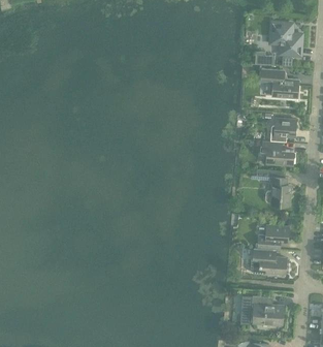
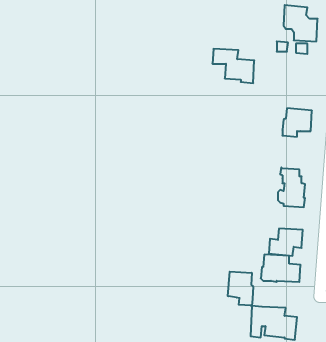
building: [260,68,298,99] -> [212,49,254,83]
building: [261,140,293,164] -> none
building: none -> [228,272,253,306]

